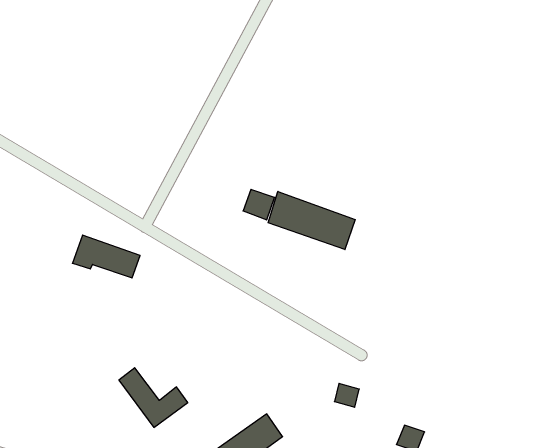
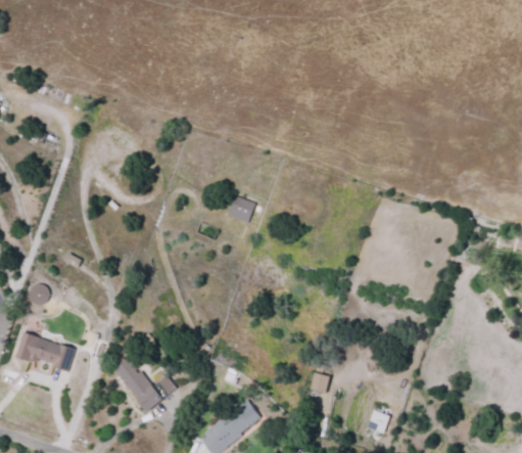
building: [268,191,355,250] -> none
building: [72,235,140,278] -> [13,331,75,370]
building: none -> [29,284,48,306]

